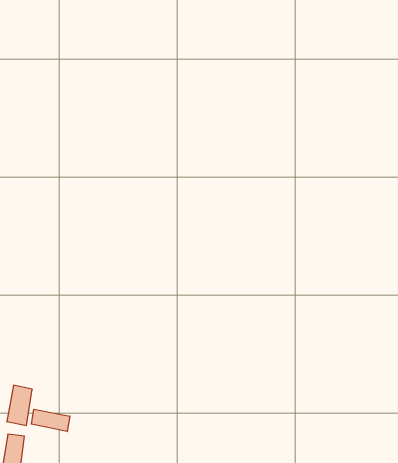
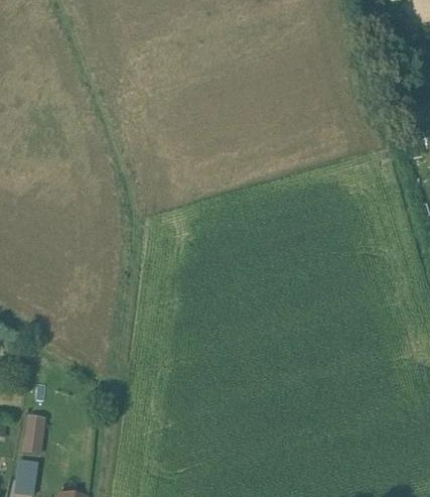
building: [31,409,70,432] -> none

